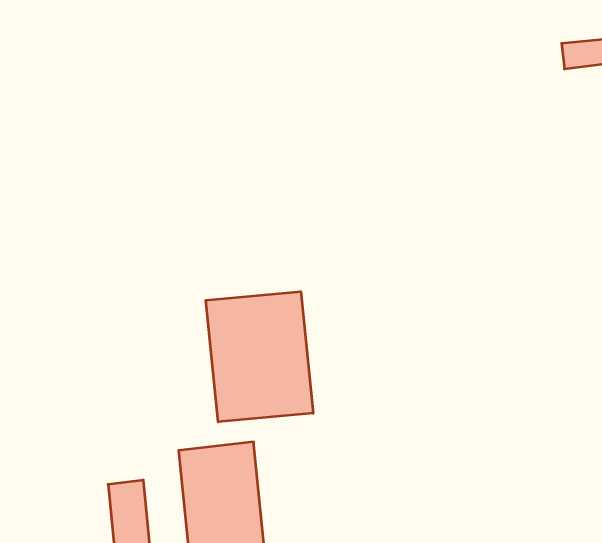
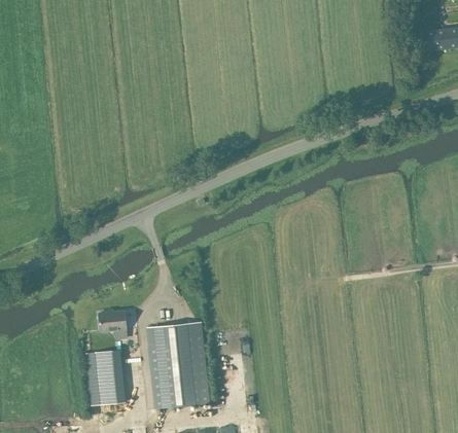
building: [206,292,313,422] -> none
building: none -> [98,310,125,332]

